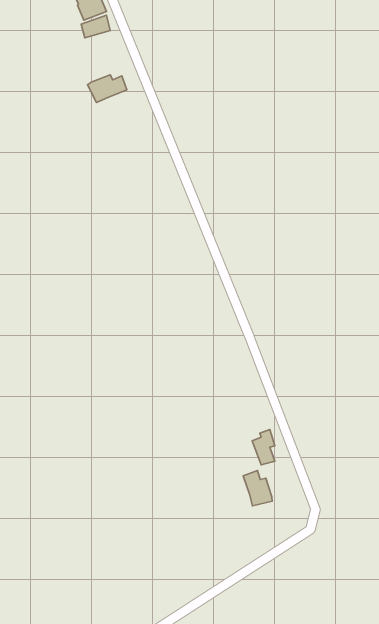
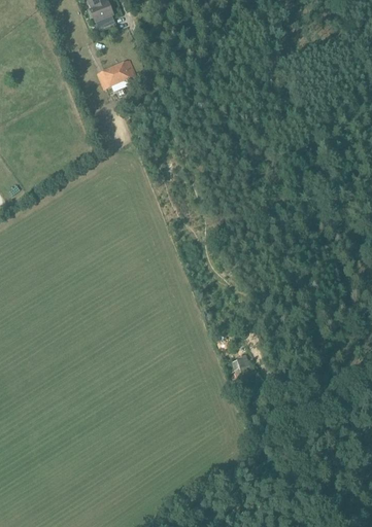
building: [243,471,272,506] -> none

